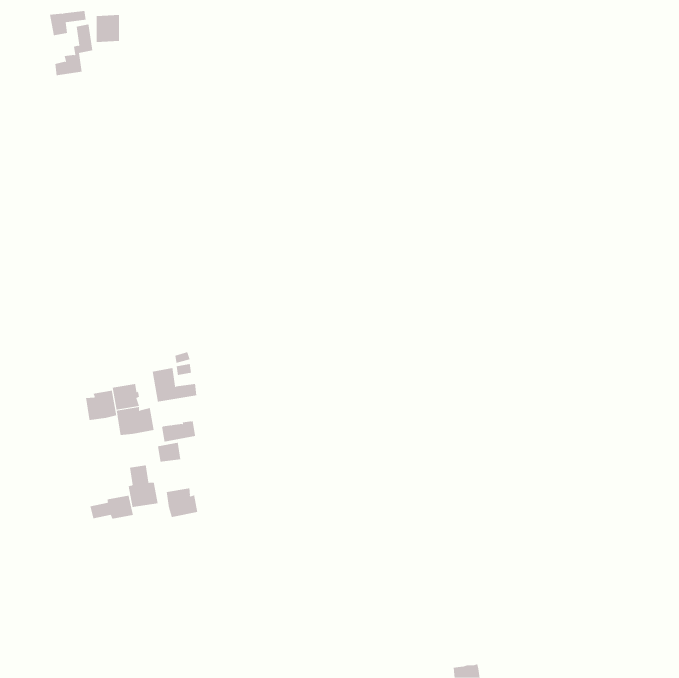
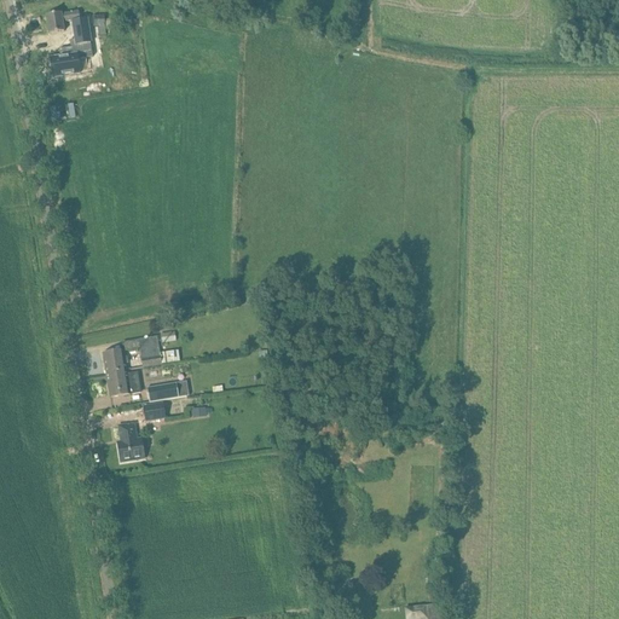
building: [85,390,117,421] -> none
building: [166,487,198,518] -> none
building: [90,495,134,519] -> none

